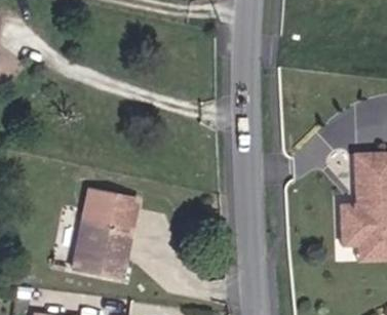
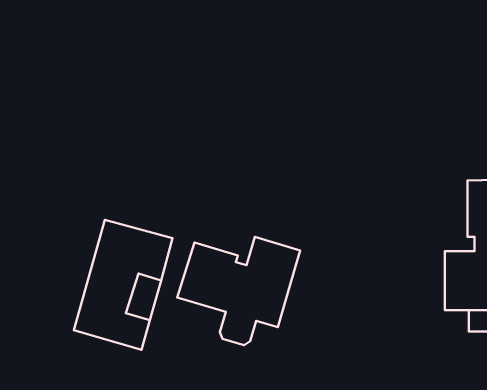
building: none -> [177,237,300,345]

